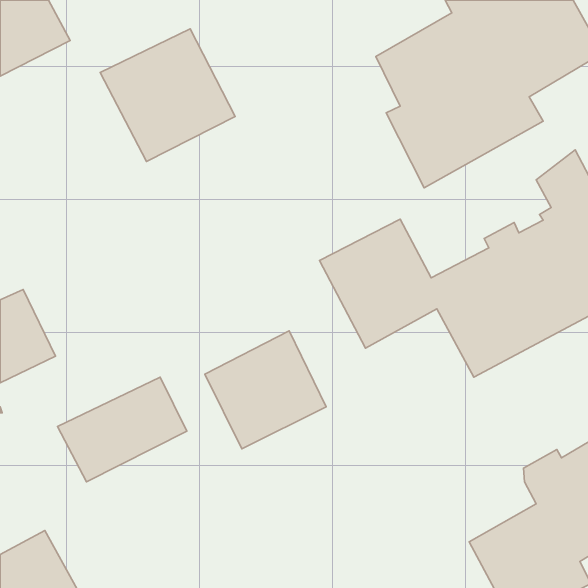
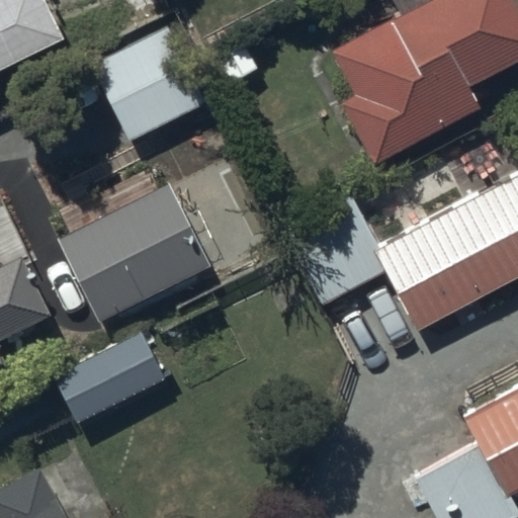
building: none -> [57,182,211,322]
building: [205,331,326,449] -> none

